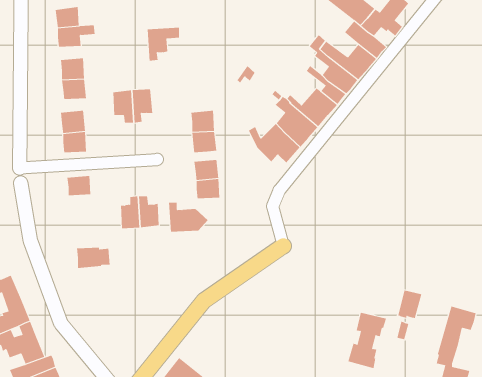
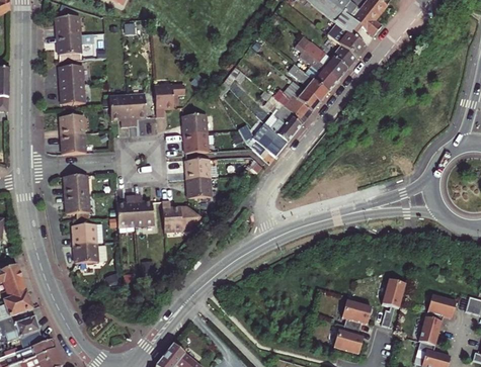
building: [147,27,180,61] -> [155,81,186,113]
building: none -> [67,190,91,214]
building: none -> [74,220,97,241]

